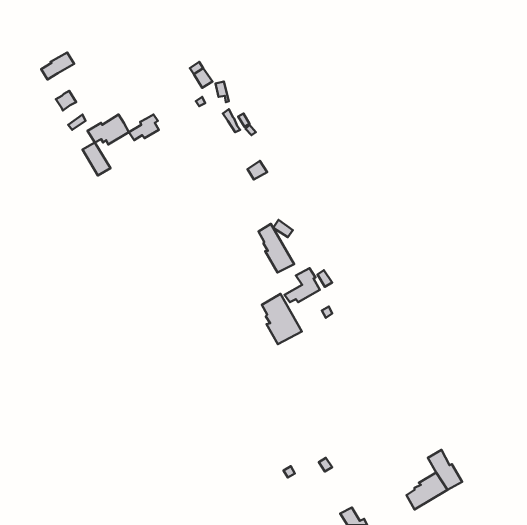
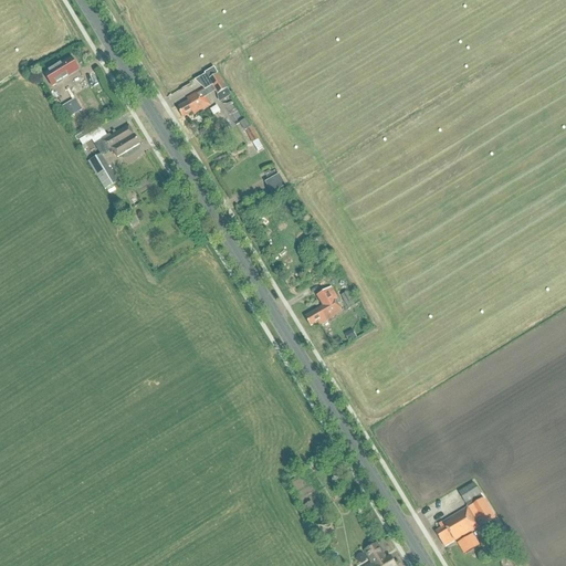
building: [129,114,159,140] -> [178,88,210,116]
building: [258,224,294,273] -> none
building: [262,294,302,344] -> none

